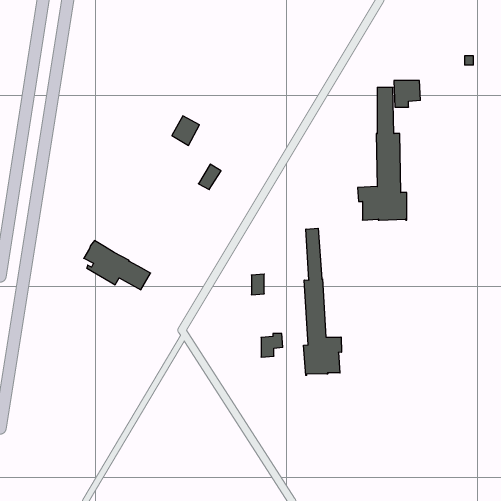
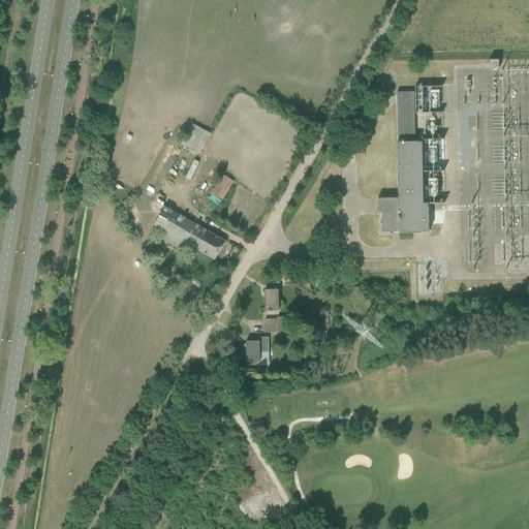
building: [304,228,341,375] -> none
building: [84,241,151,290] -> [154,206,224,257]
building: [261,334,283,357] -> [247,337,270,362]

